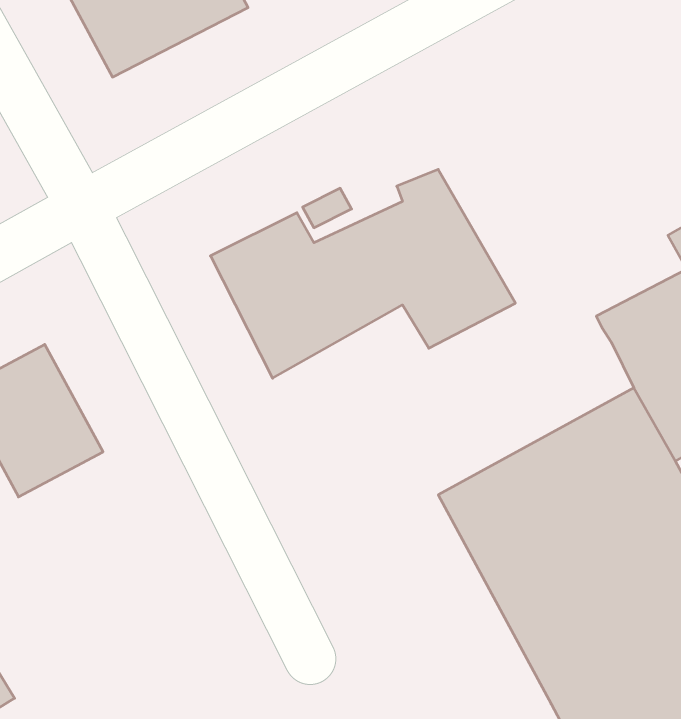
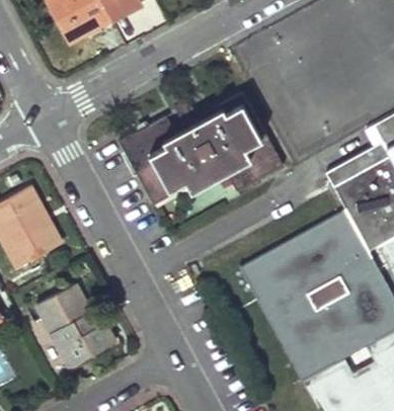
building: none -> [37,282,114,364]

